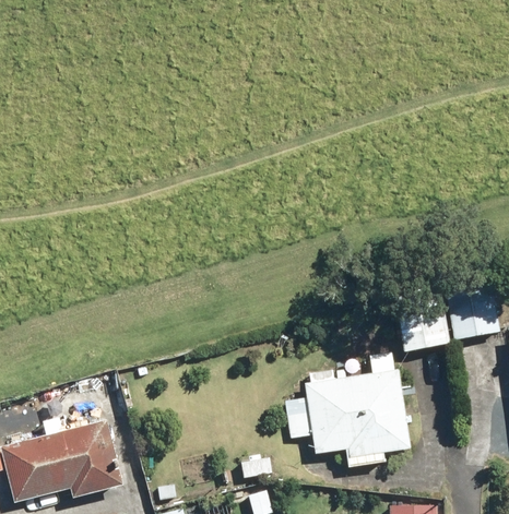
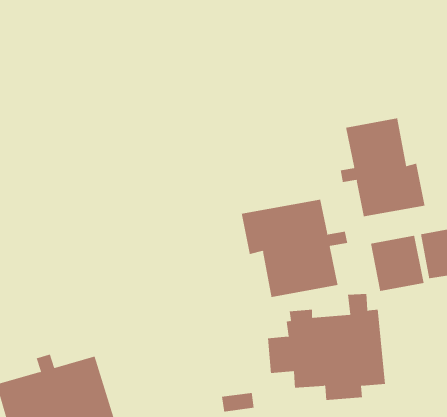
building: none -> [340,117,425,217]
building: none -> [241,199,348,298]

